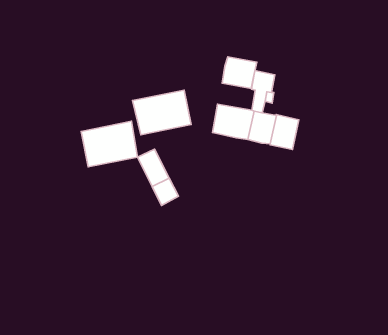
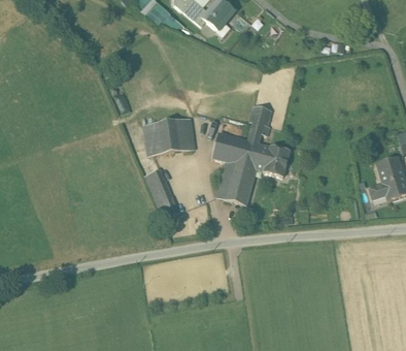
building: [222,57,257,88] -> none
building: [81,121,137,167] -> none
building: none -> [224,163,256,204]

